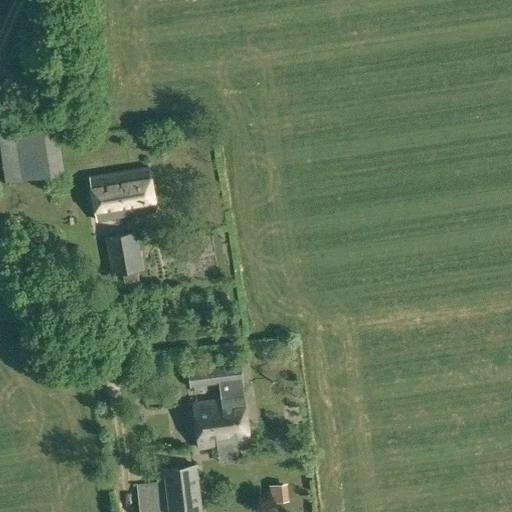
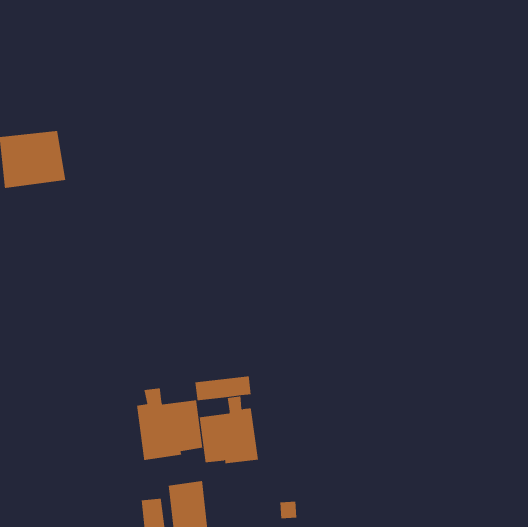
building: [90,169,154,222] -> none
building: [105,233,142,277] -> none
building: none -> [136,387,203,461]

